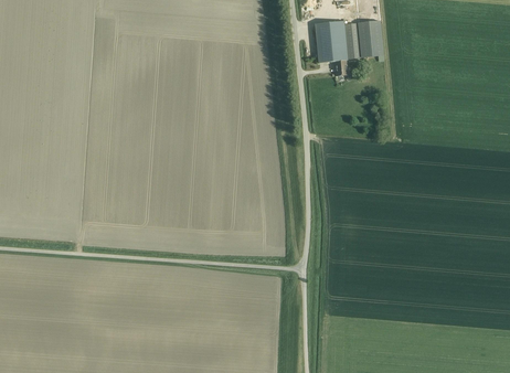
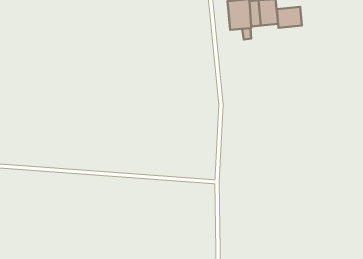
building: none -> [277,7,302,28]

